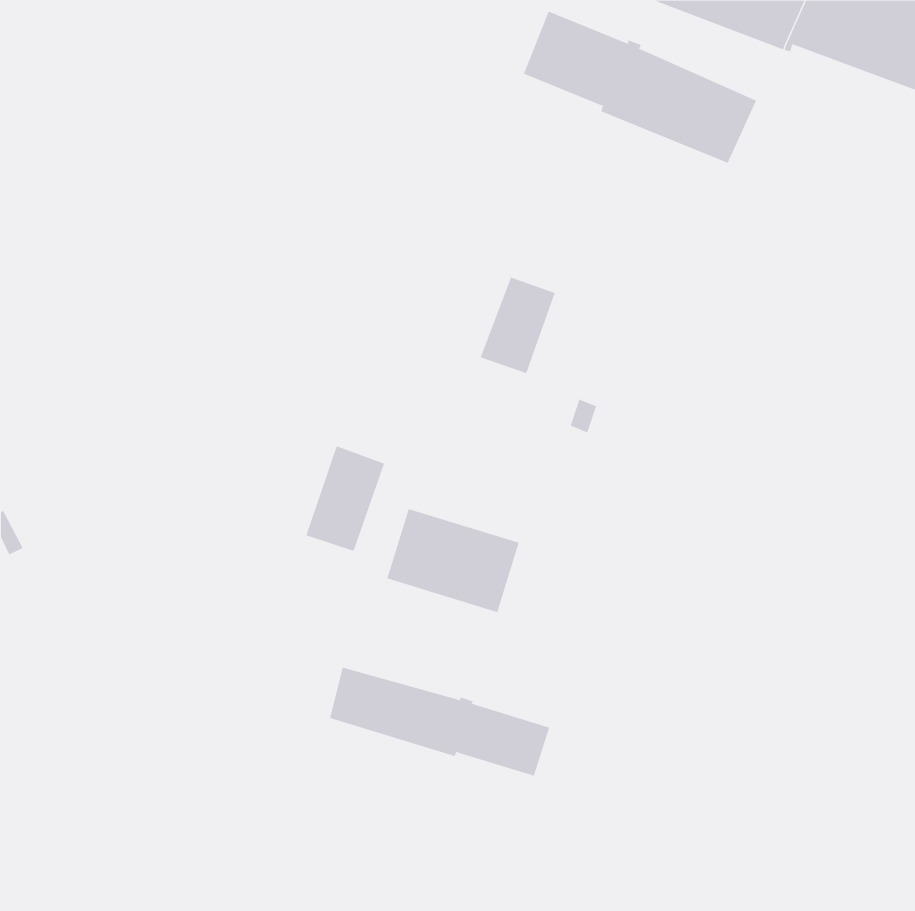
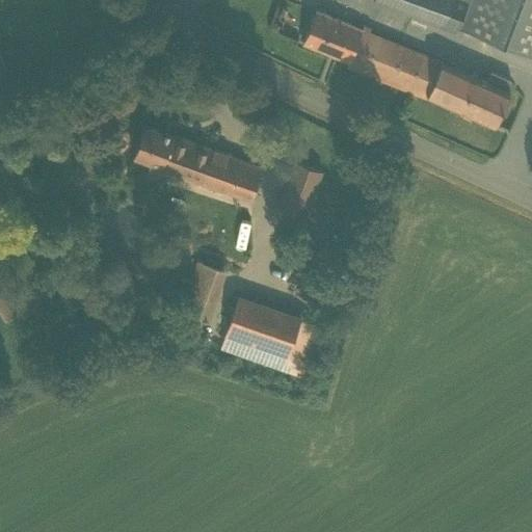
building: none -> [423,62,512,129]
building: none -> [136,129,265,205]
building: [329,667,550,777] -> none

